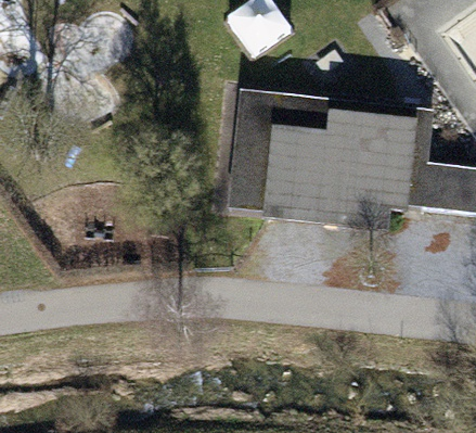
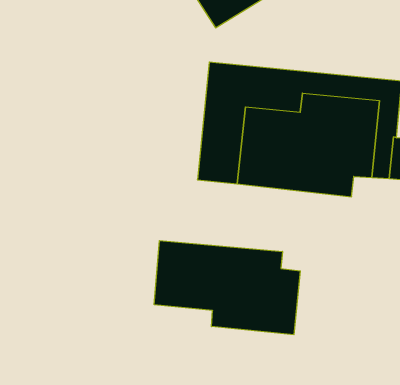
building: none -> [154,241,300,335]

